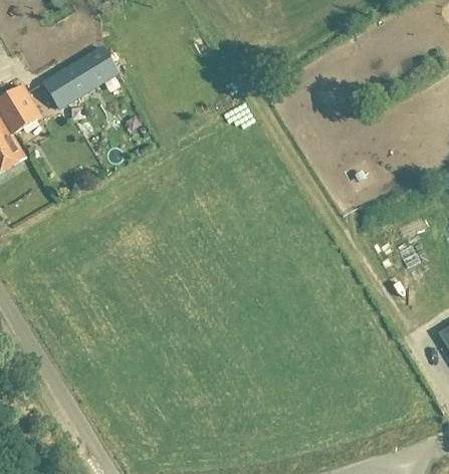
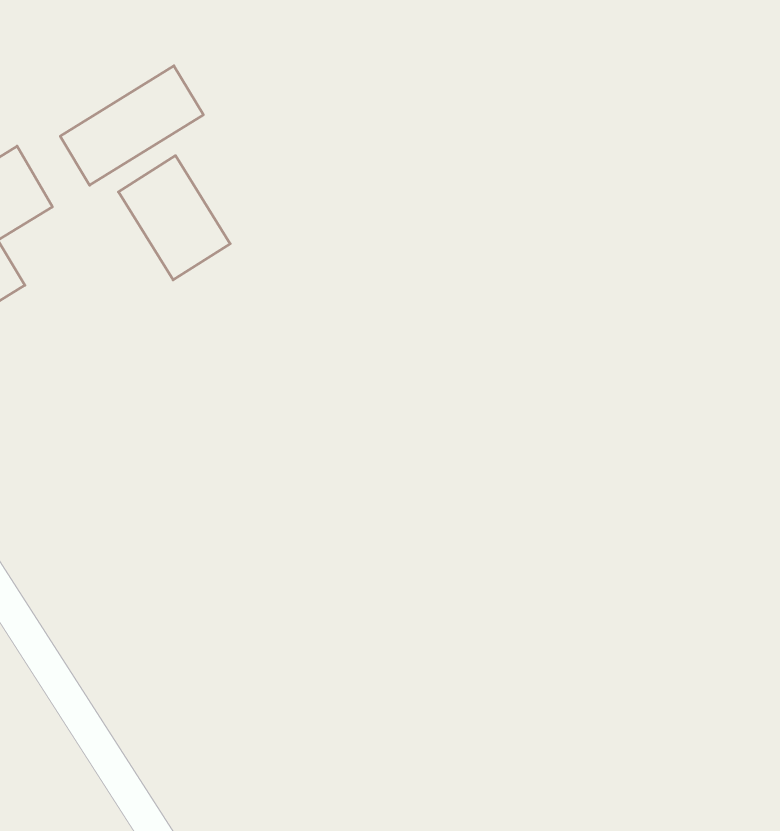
building: none -> [118,156,230,280]

